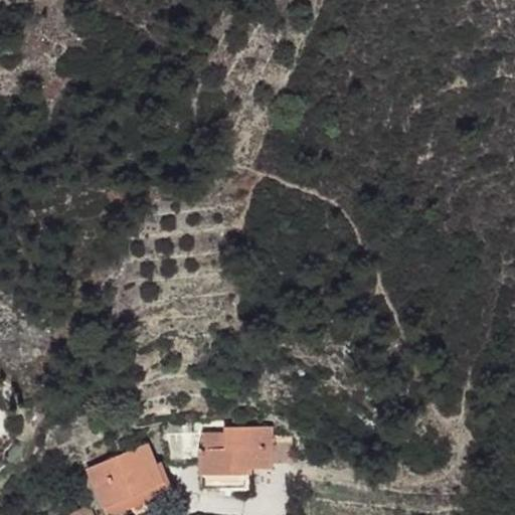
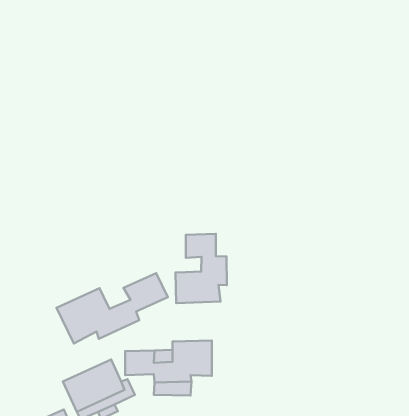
building: none -> [175,234,227,303]
building: none -> [56,273,168,344]

